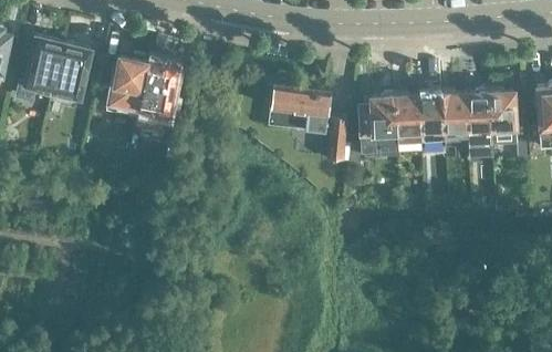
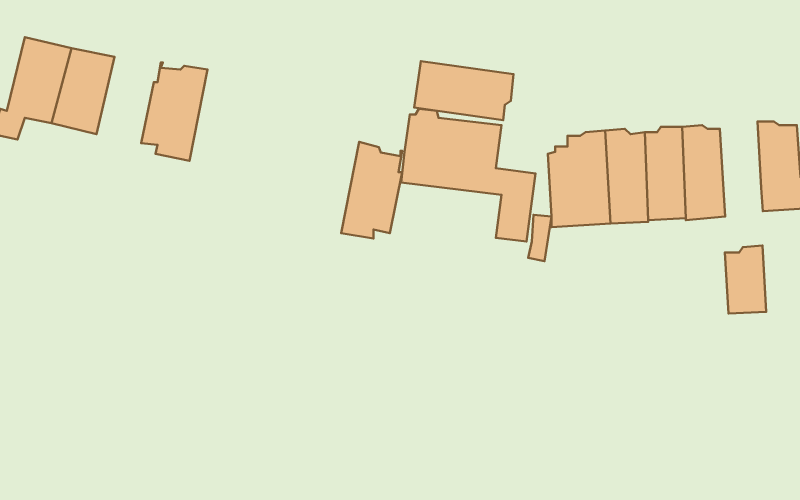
building: none -> [414,61,514,120]
building: [138,56,176,116] -> [341,142,402,239]
building: [466,89,491,131] -> [725,245,766,314]

